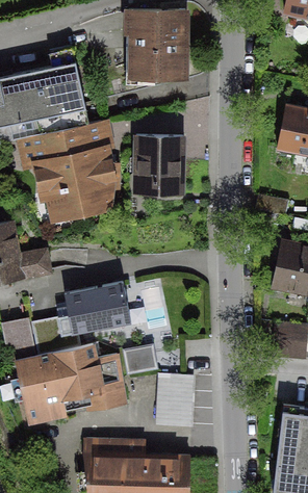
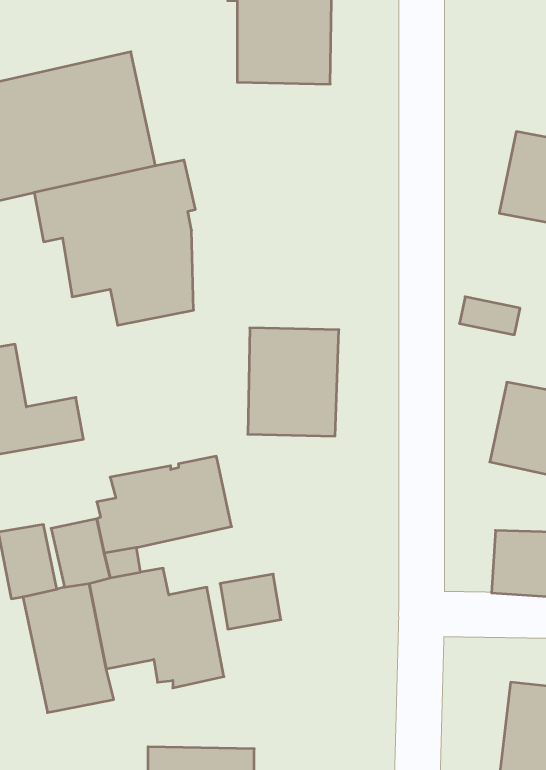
building: [134,135,184,194] -> [248,328,339,436]
building: [157,374,192,425] -> none

